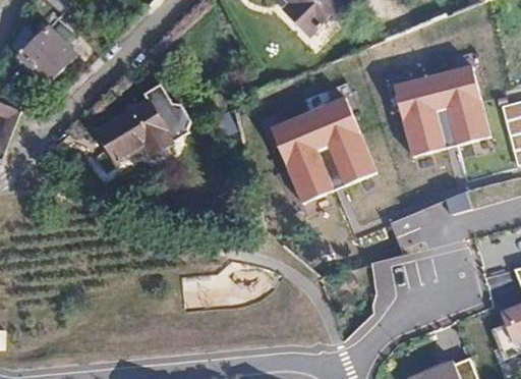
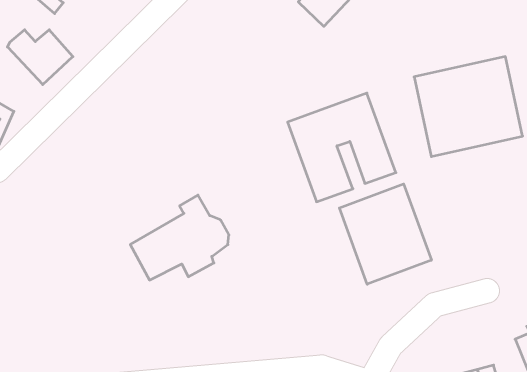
building: [91,87,184,167] -> [130,195,229,280]
building: none -> [339,184,431,284]

